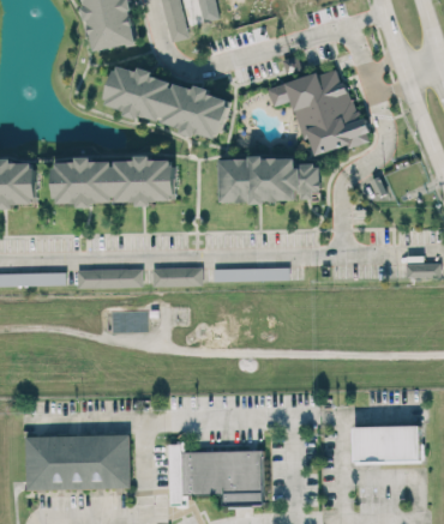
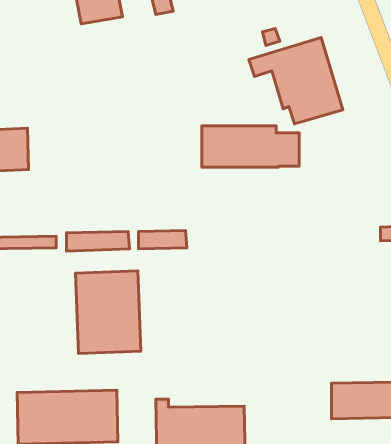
building: [104,64,227,135] -> none
building: [53,153,174,204] -> none
building: none -> [76,271,141,354]

